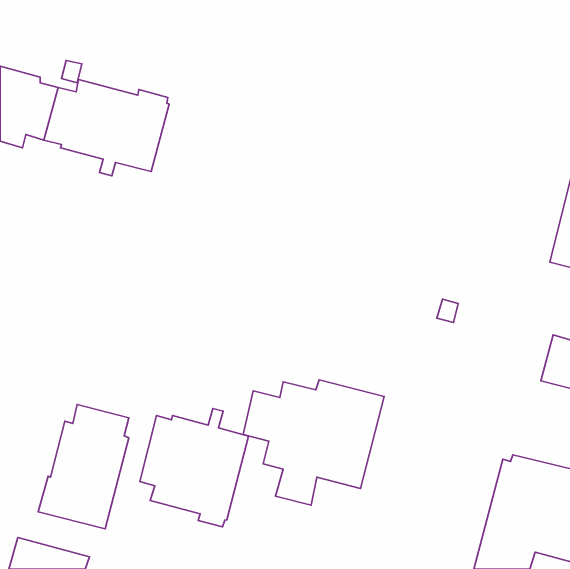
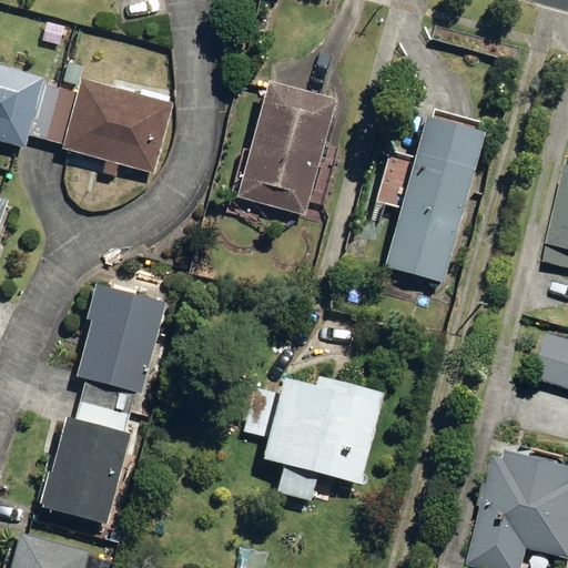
building: none -> [237,81,335,214]
building: none -> [386,116,485,281]
building: none -> [78,284,164,414]
building: [140,408,249,527] -> none

